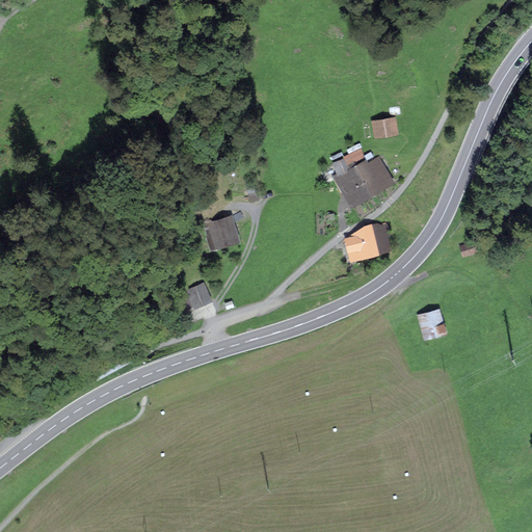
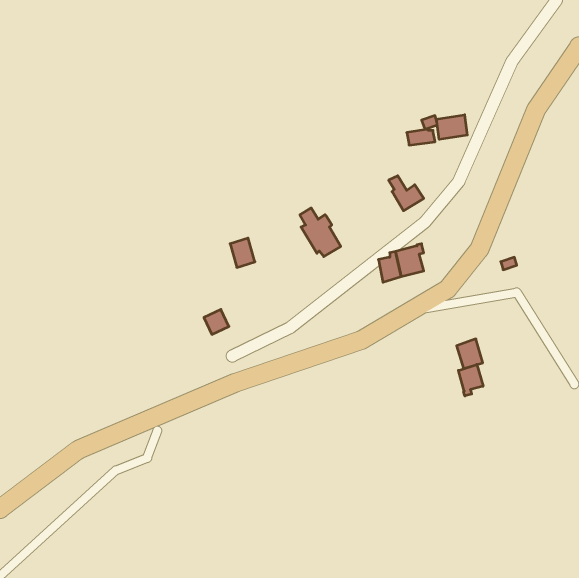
building: none -> [437,115,467,139]
building: [332,159,370,204] -> [300,208,341,257]
building: none -> [458,364,483,396]

